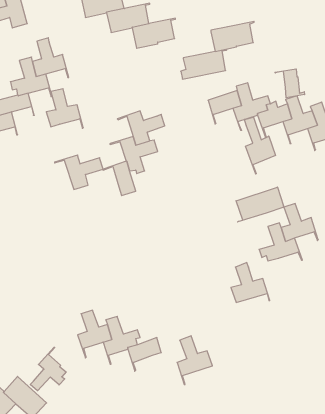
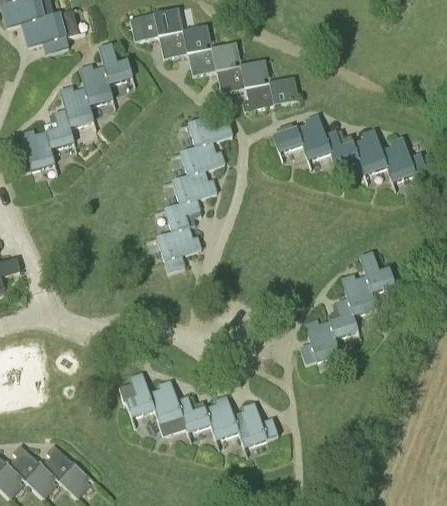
building: [211,21,254,51] -> [216,59,265,93]
building: [275,69,305,98] -> none
building: none -> [178,119,232,158]
building: [46,89,83,128] -> [93,43,135,88]
building: [244,117,275,174] -> none
building: [55,155,103,189] -> [146,233,201,272]
building: [236,187,284,222] -> none
building: none -> [319,314,361,340]
building: none -> [210,395,249,449]
building: [30,347,66,391] -> none

